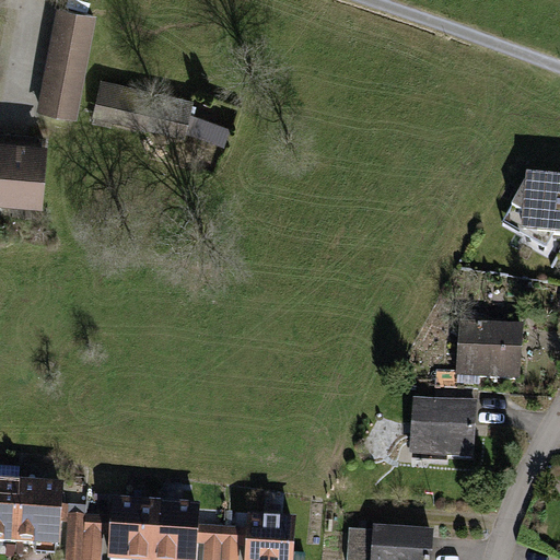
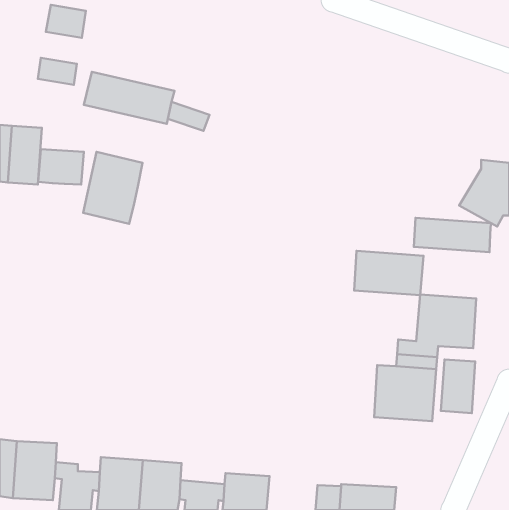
building: [45,35,90,70] -> none
building: [37,86,81,117] -> none
building: none -> [38,149,84,185]
building: none -> [83,152,143,224]
building: none -> [414,218,491,252]
building: none -> [354,251,424,295]
building: none -> [441,359,475,413]

